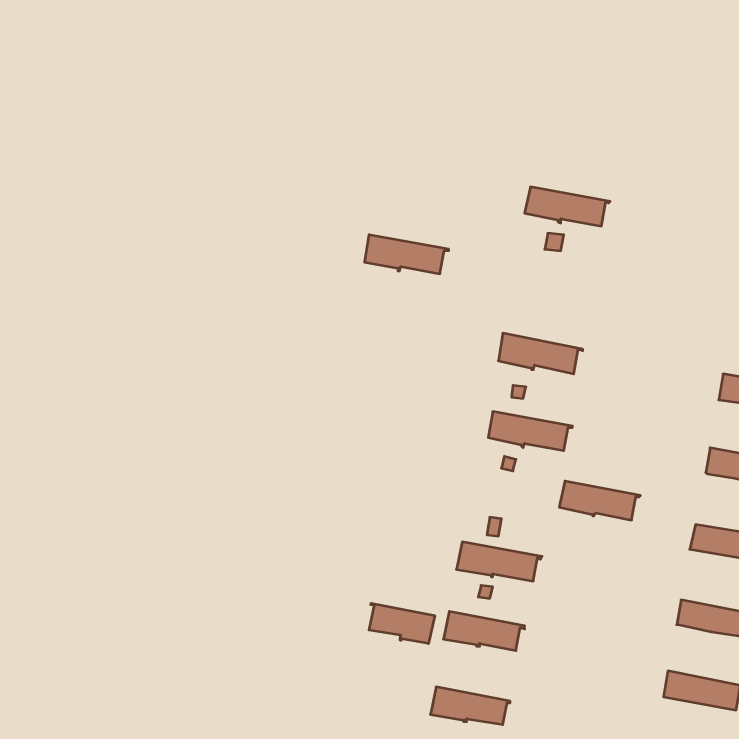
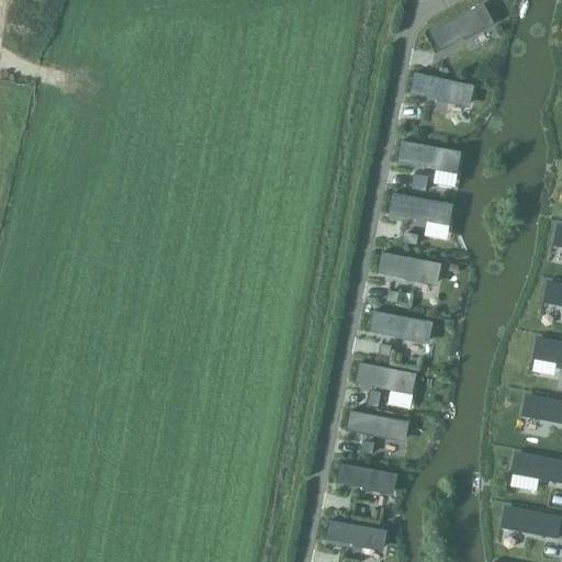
building: none -> [430,4,492,52]
building: none -> [412,74,476,104]
building: [365,235,449,274] -> [391,193,454,223]
building: [559,481,640,520] -> [357,363,418,393]
building: [369,603,435,644] -> none

